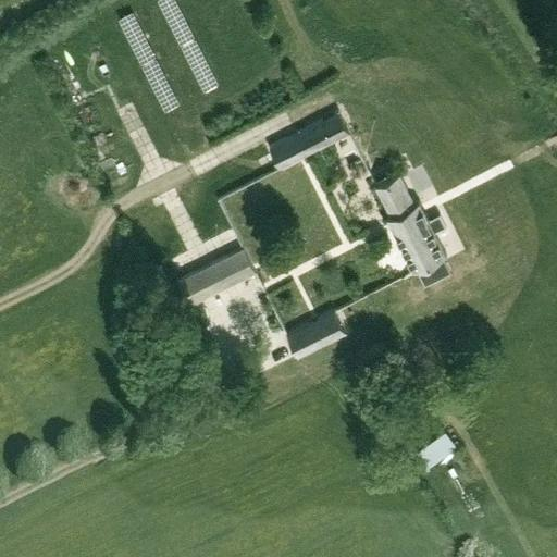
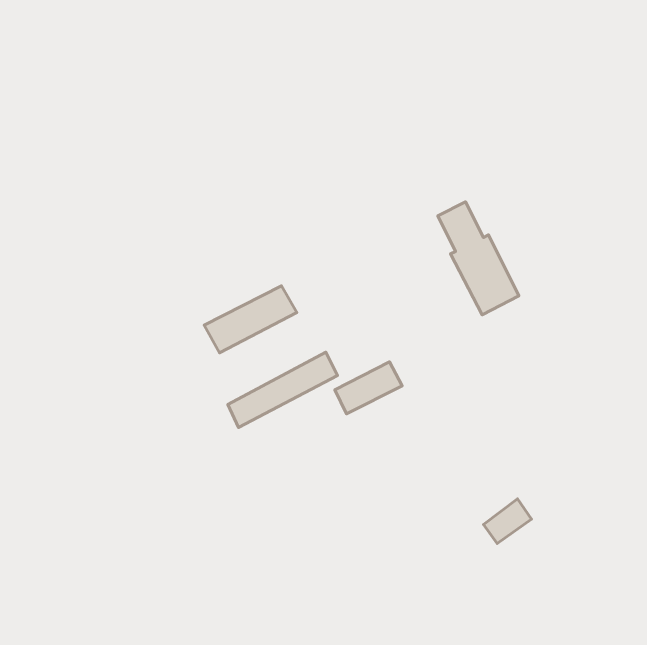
building: [270,114,348,170] -> none
building: none -> [228,352,338,428]

